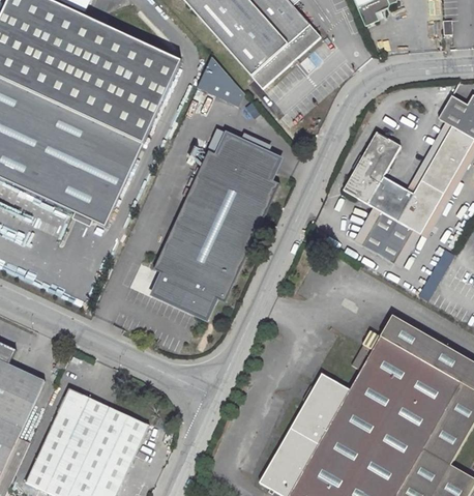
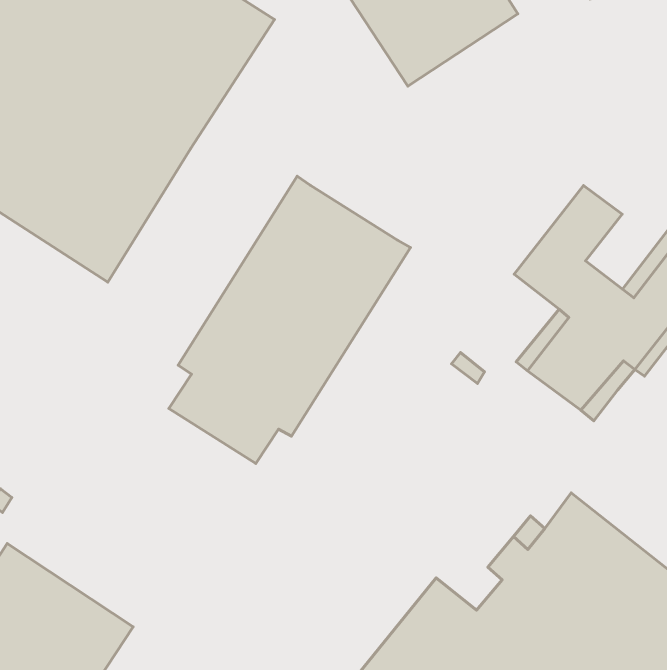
building: [195,62,248,106] -> none
building: [216,134,280,180] -> none

